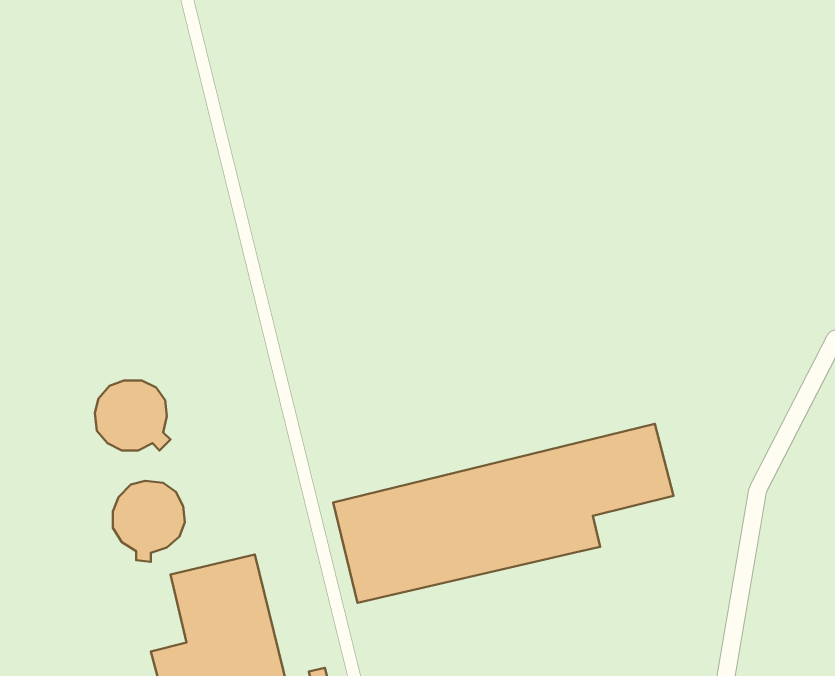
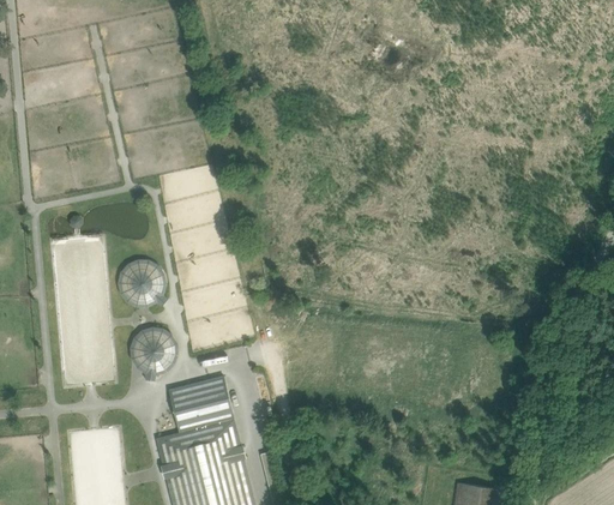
building: [333,424,673,603] -> none

